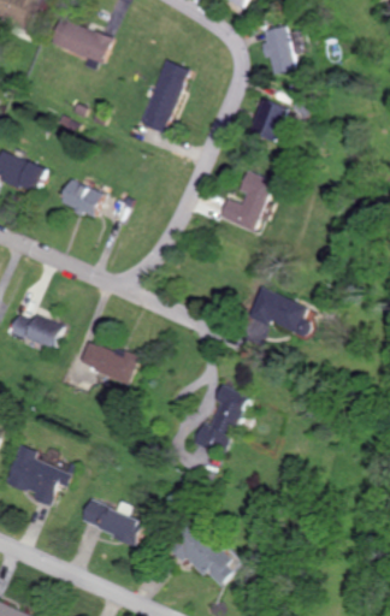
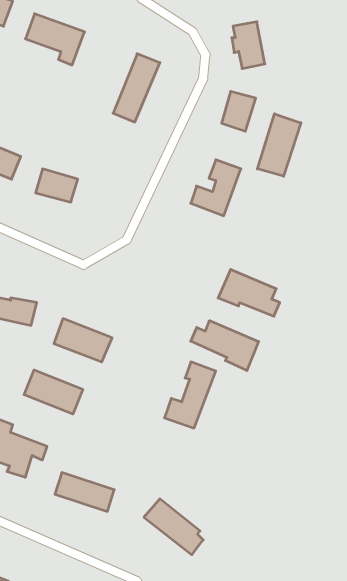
building: none -> [257,114,301,176]
building: none -> [191,321,259,371]
building: none -> [24,370,83,414]

